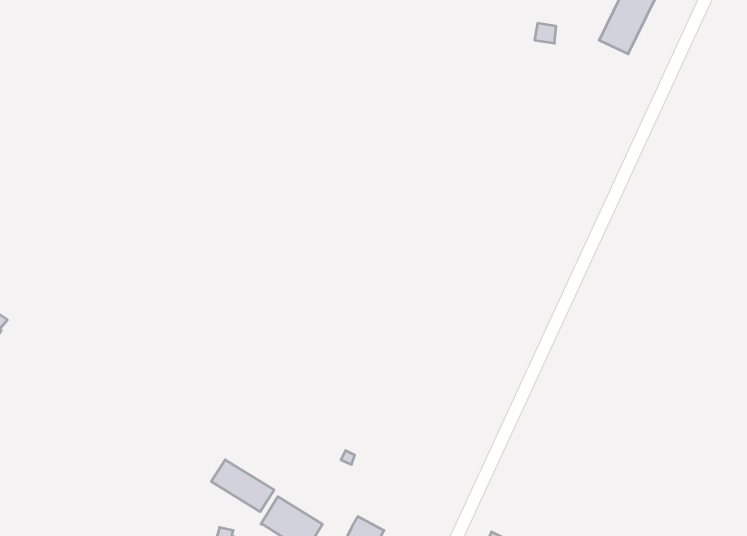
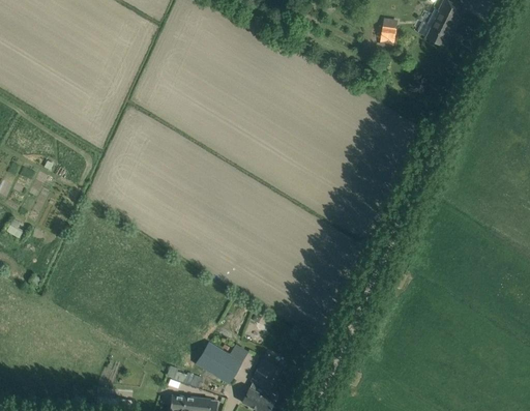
building: [211,460,274,512] -> none

